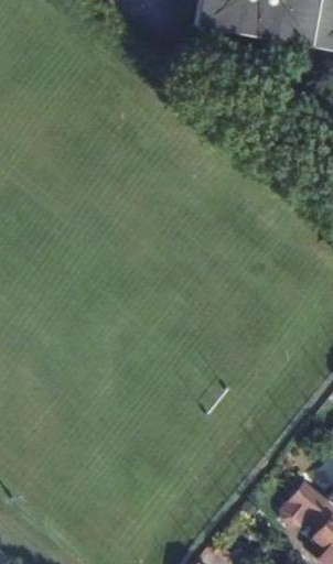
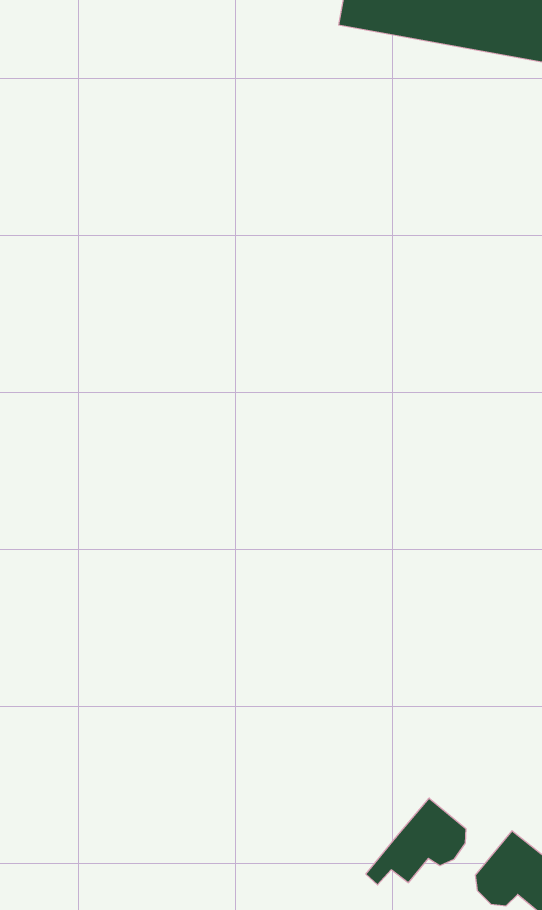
building: none -> [366,798,466,885]

